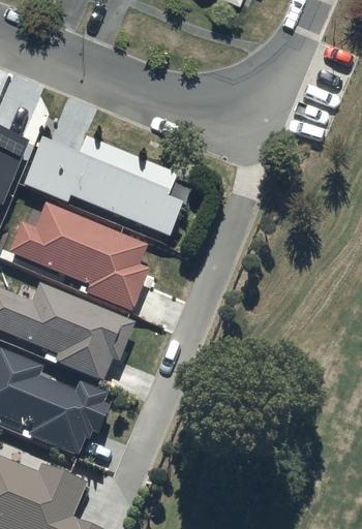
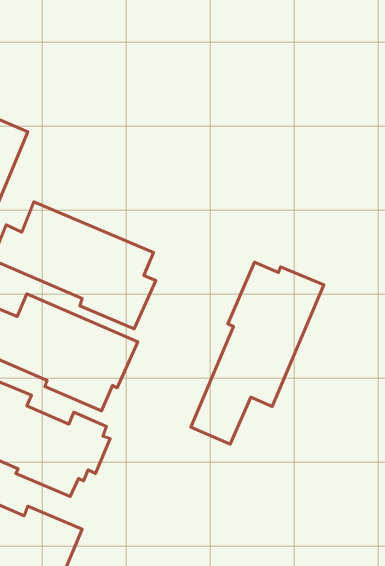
building: [23,136,180,238] -> none
building: none -> [191,262,324,444]

